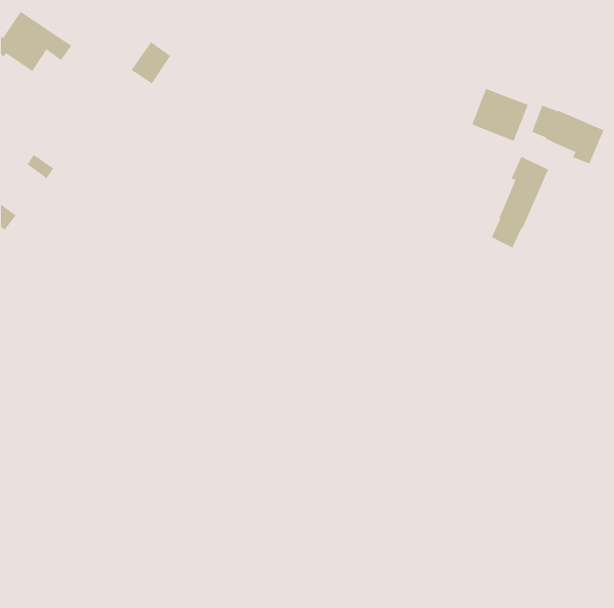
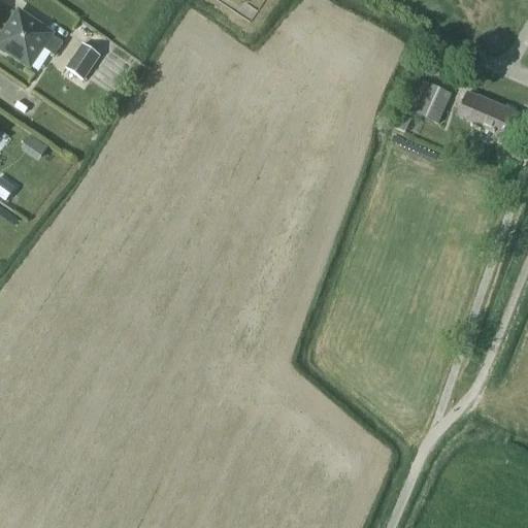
building: [130,41,171,85] -> [64,40,99,77]
building: [491,156,549,249] -> none

